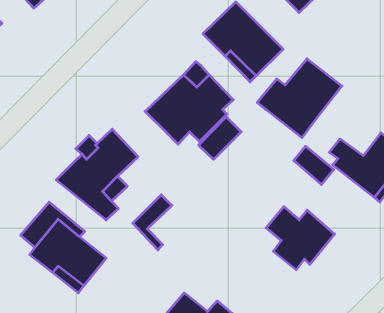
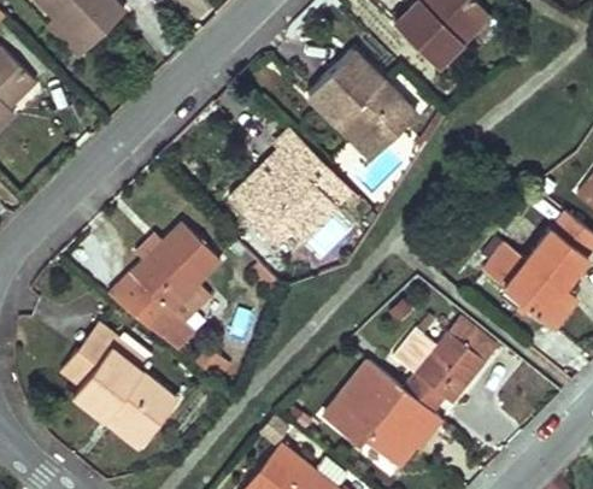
building: [257,59,342,138] -> none
building: [294,146,334,185] -> [448,314,503,366]
building: [133,195,172,250] -> none
building: none -> [322,361,441,467]

